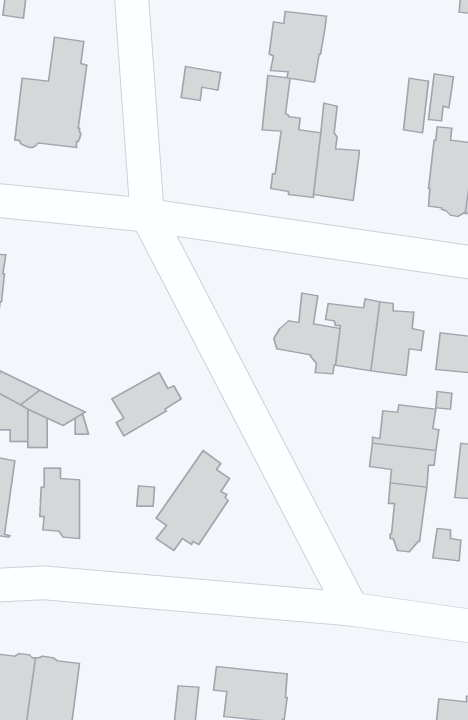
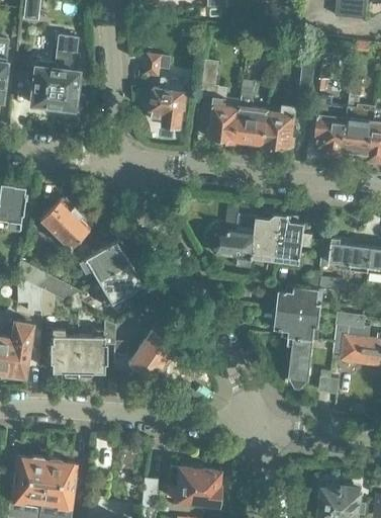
building: [269,12,326,82] -> [151,82,190,131]
building: none -> [263,108,296,151]
building: none -> [39,199,92,251]
building: none -> [75,241,130,283]
building: none -> [76,322,115,379]

